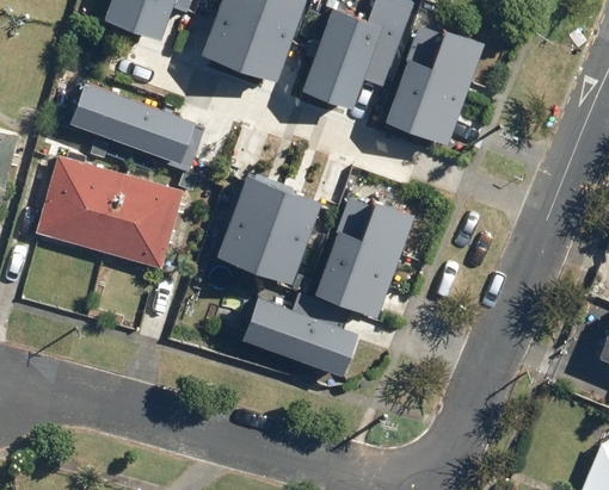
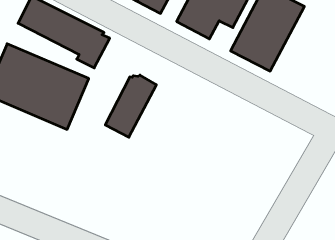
building: [254,187,321,284] -> none
building: [315,200,413,316] -> none
building: [242,296,358,376] -> none

